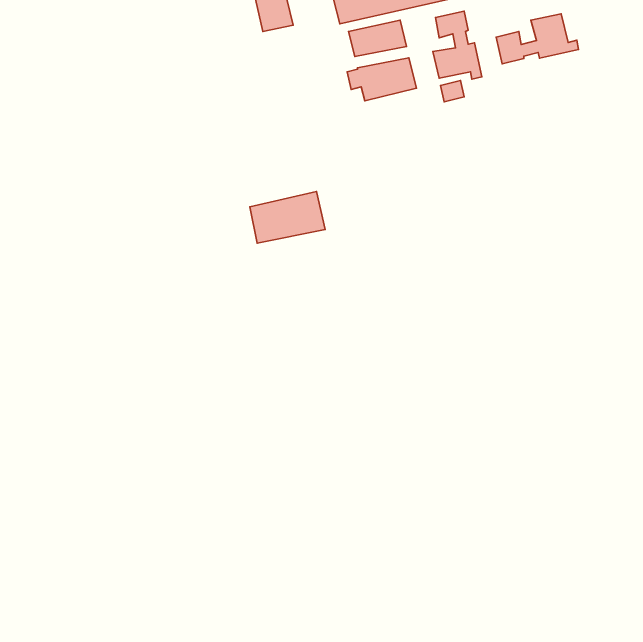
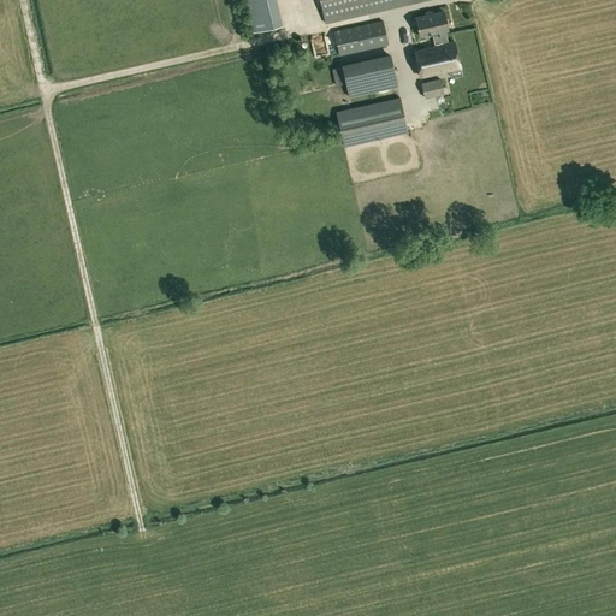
building: [496,14,579,64] -> none
building: [250,192,325,243] -> [336,96,408,146]

